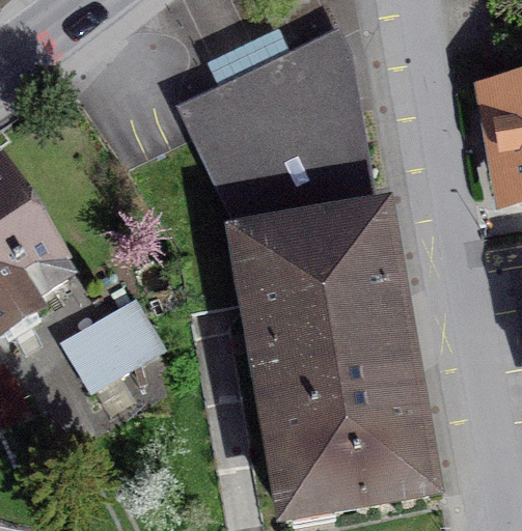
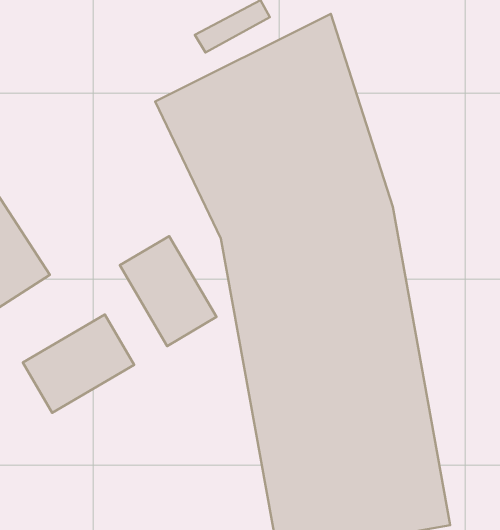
building: none -> [120,236,217,346]

